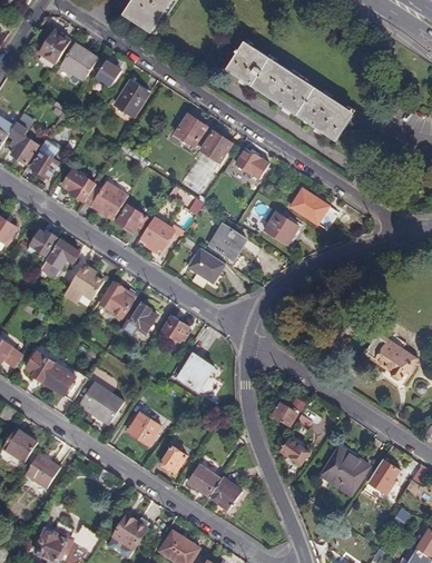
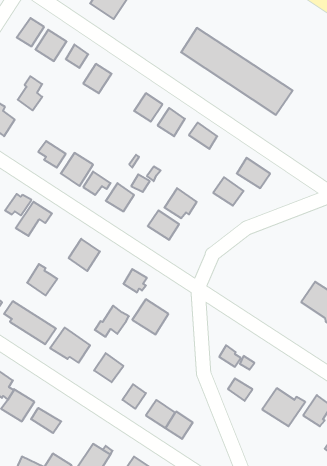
building: [31,139,59,178] -> [18,76,42,110]
building: [69,263,104,298] -> [27,264,57,295]
building: [119,302,158,337] -> [95,306,129,337]
building: none -> [31,408,61,433]

